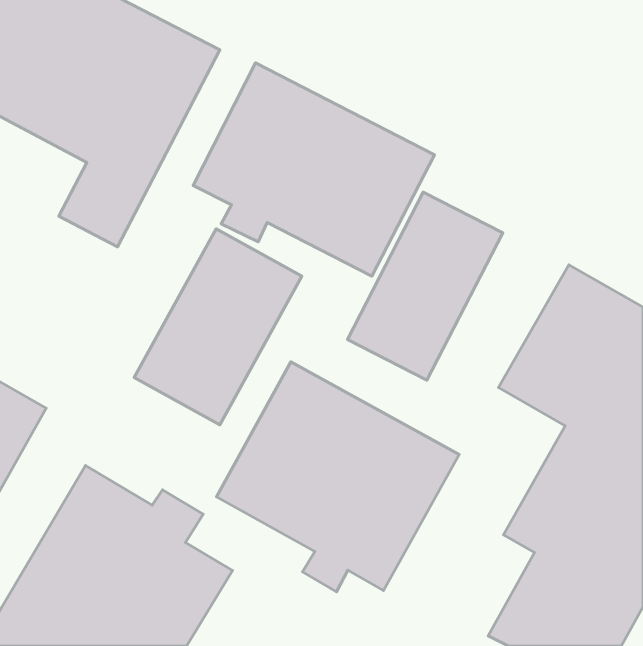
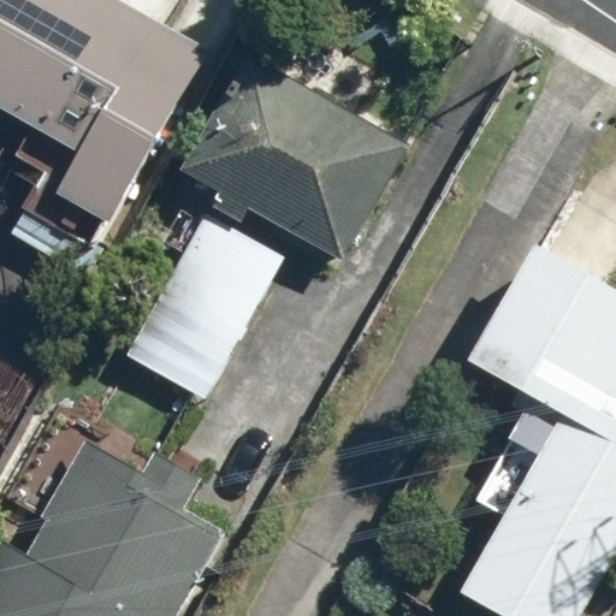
building: [347,192,503,380] -> none
building: [217,362,459,592] -> none

